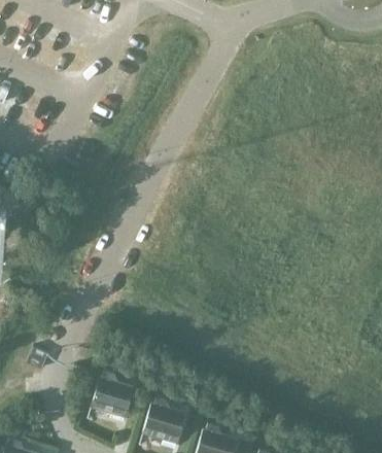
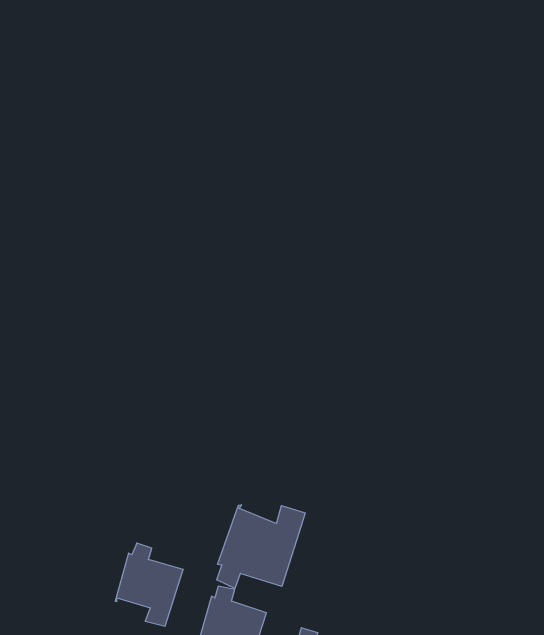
building: none -> [217,505,305,588]

